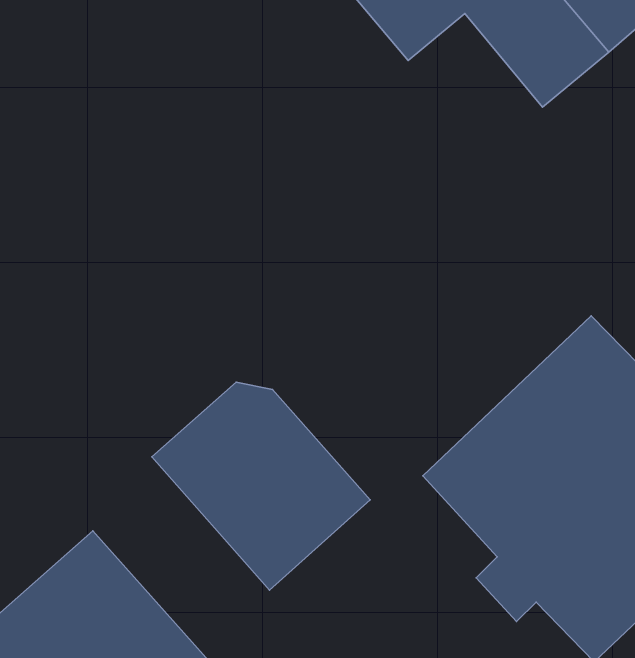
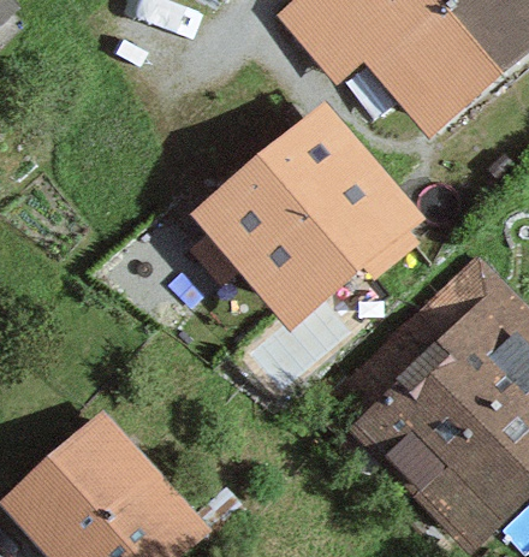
building: none -> [221,136,415,306]
building: [152,382,370,590] -> none

